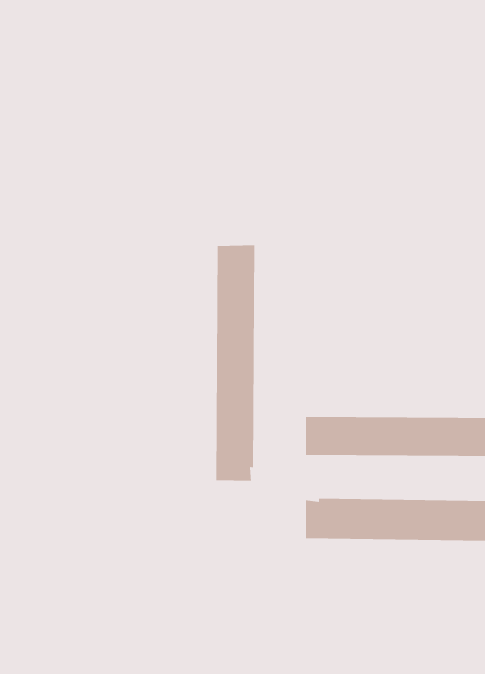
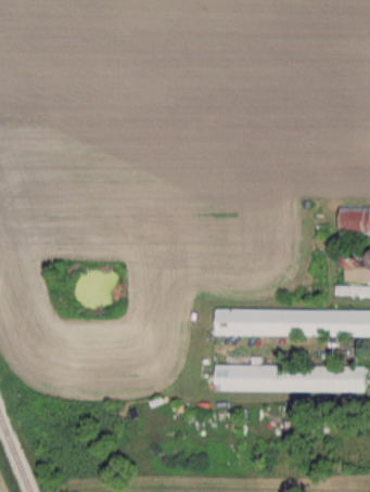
building: [215,245,255,482] -> none

